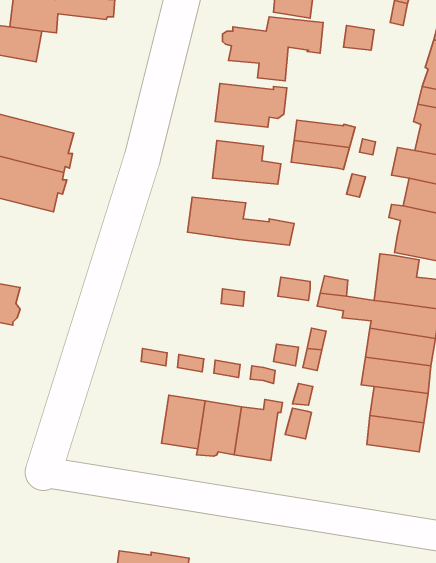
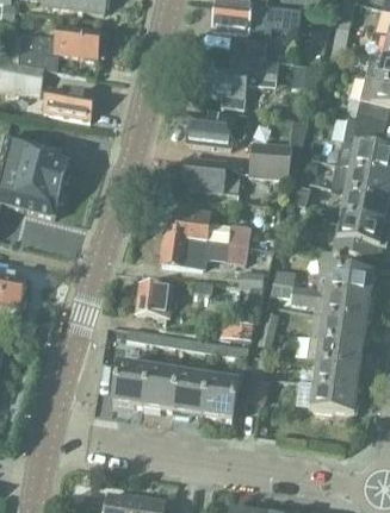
building: none -> [44,88,92,120]
building: none -> [159,233,247,269]
building: none -> [135,281,171,315]
building: none -> [111,362,148,406]

